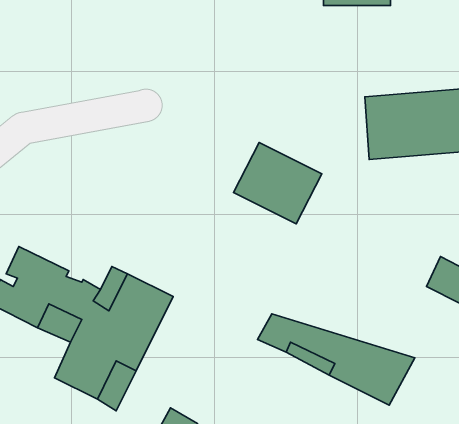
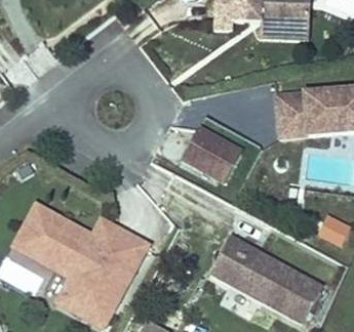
building: none -> [210,231,314,282]

